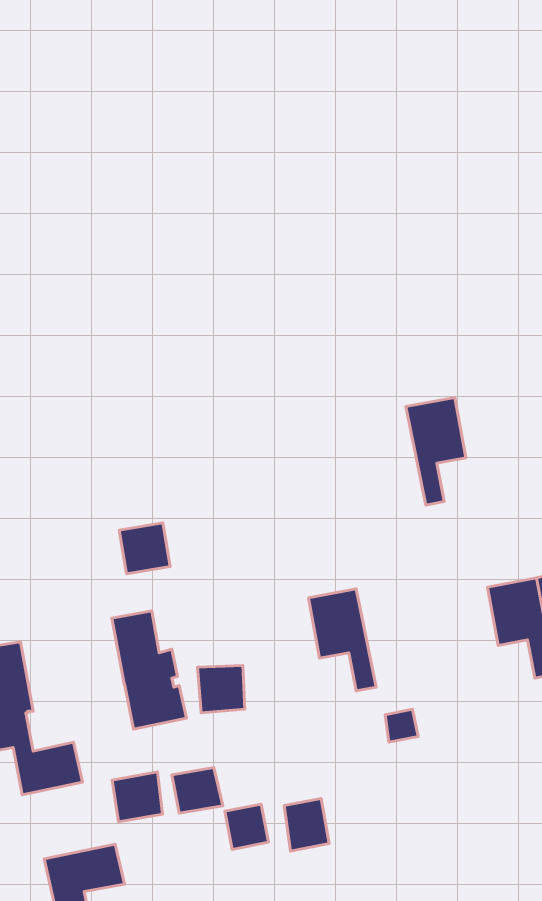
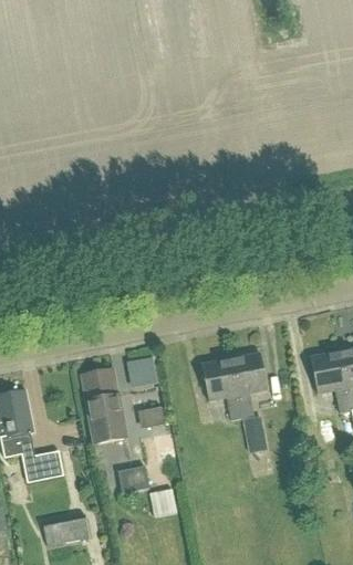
building: [406,398,466,505] -> [230,353,267,418]
building: [119,523,170,574] -> [125,354,156,385]
building: [112,772,162,822] -> none
building: [284,798,329,851] -> none

